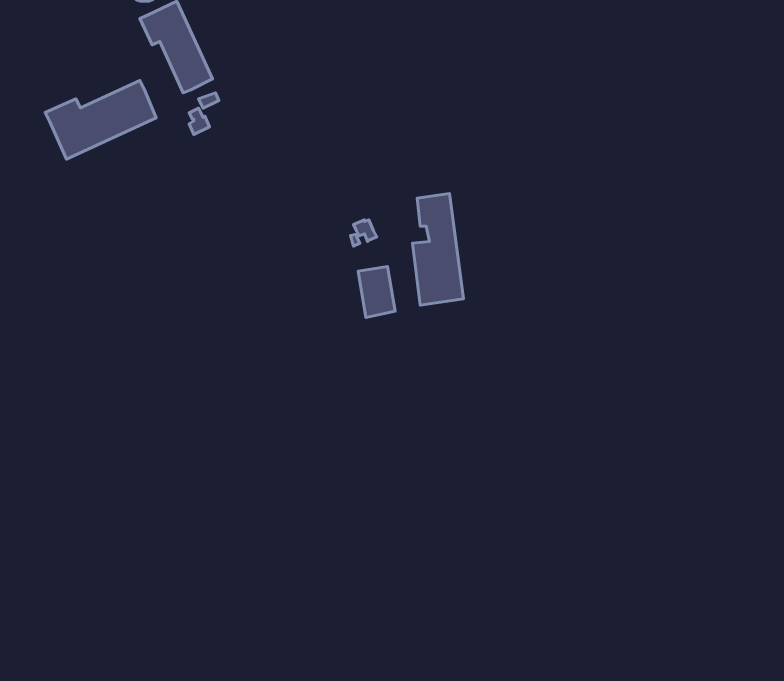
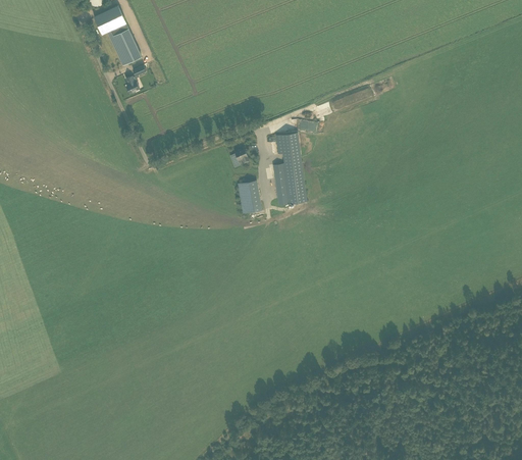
building: [45,80,156,159] -> none

